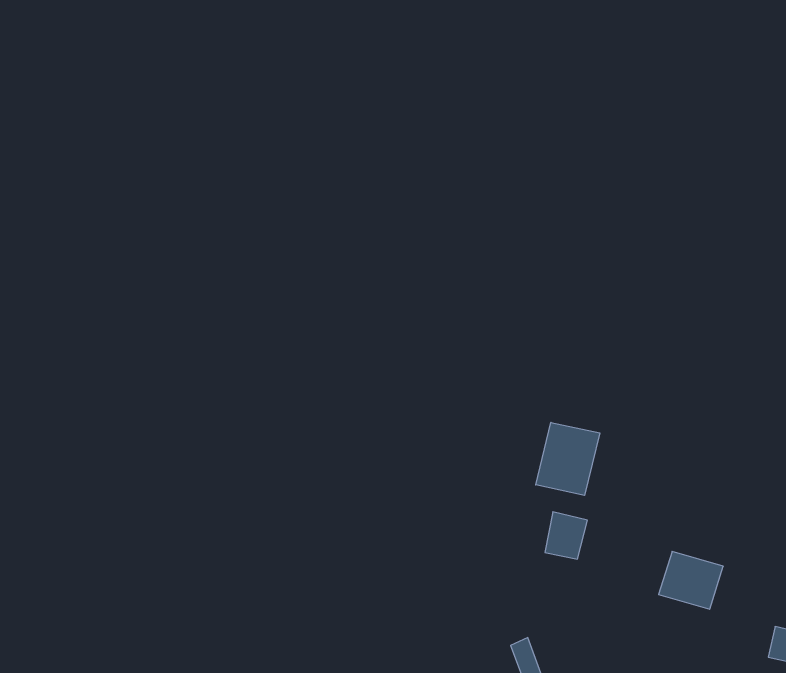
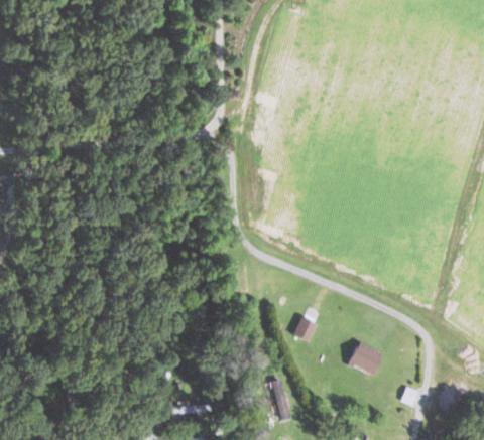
building: [536,422,600,495] -> none

